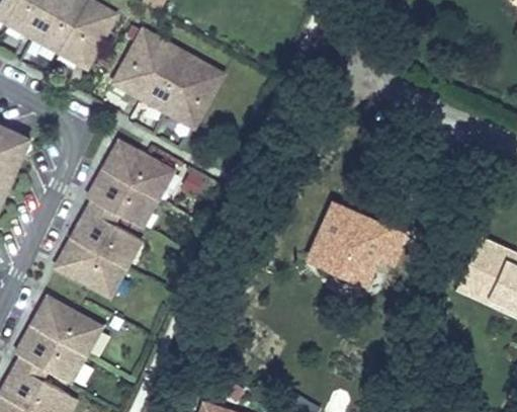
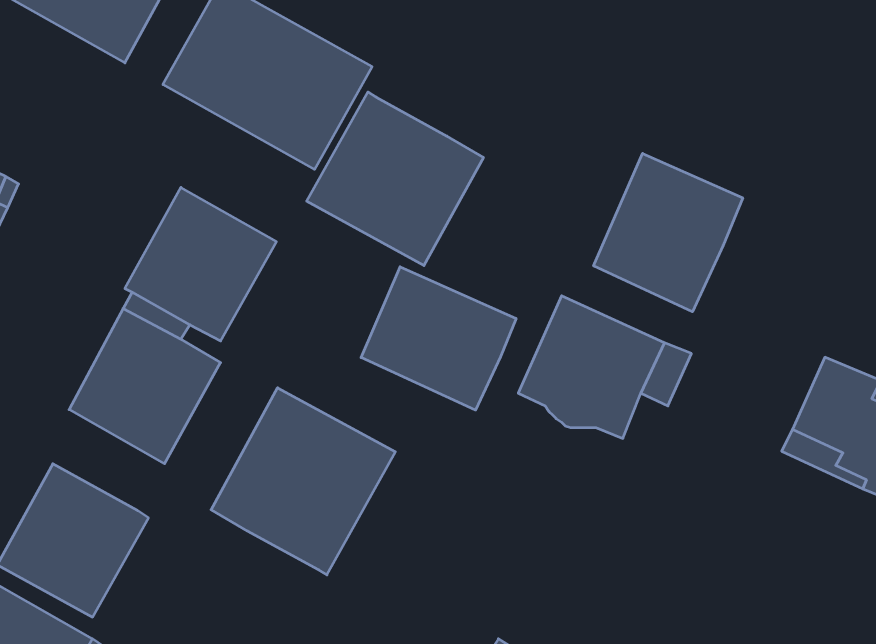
building: none -> [307,92,483,266]
building: none -> [594,153,743,312]
building: none -> [361,267,516,410]
building: none -> [211,388,395,575]

